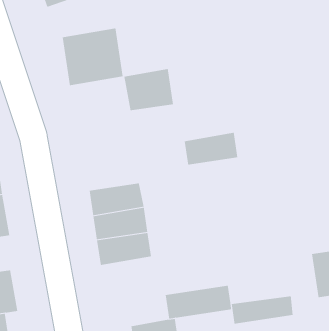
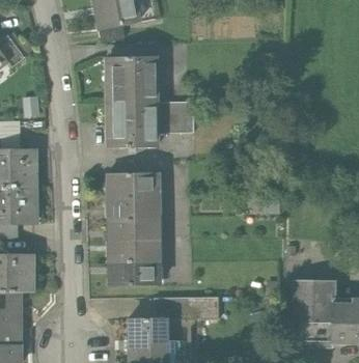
building: none -> [106,101,156,147]
building: [184,132,238,165] -> [109,173,155,196]
building: none -> [109,262,156,285]
building: [231,295,293,324] -> none

